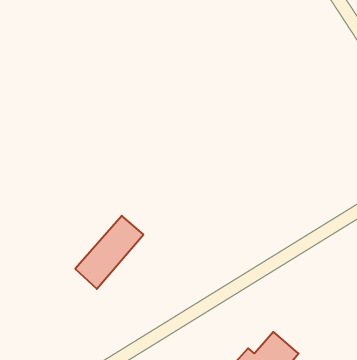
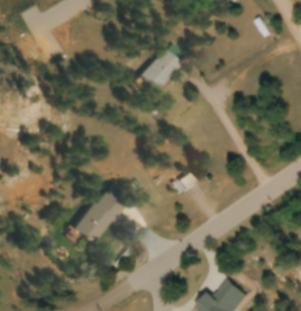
building: none -> [138,50,179,92]

